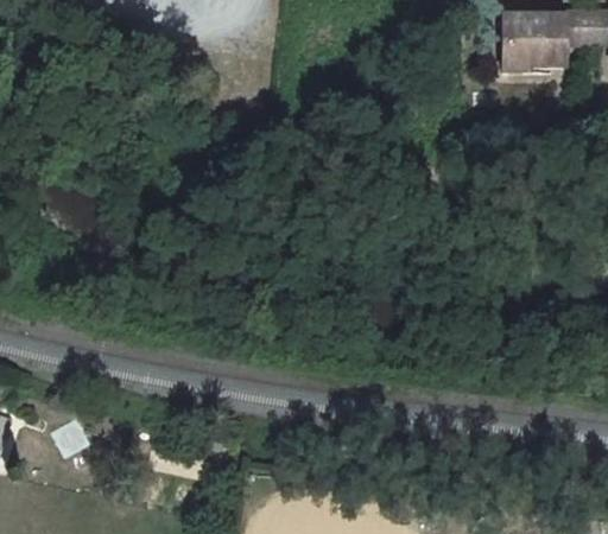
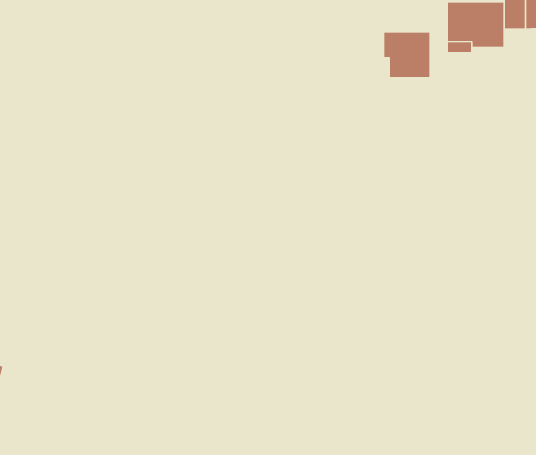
building: none -> [384,32,430,78]

